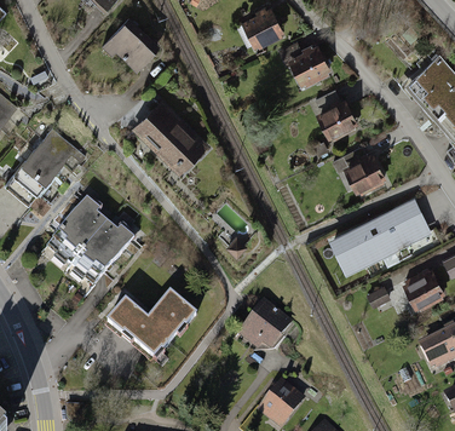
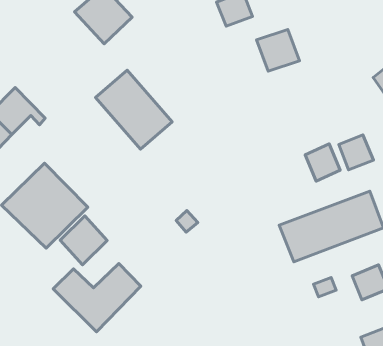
building: [321,99,357,136] -> [339,135,374,170]
building: none -> [60,216,107,265]
building: [236,298,295,350] -> none

